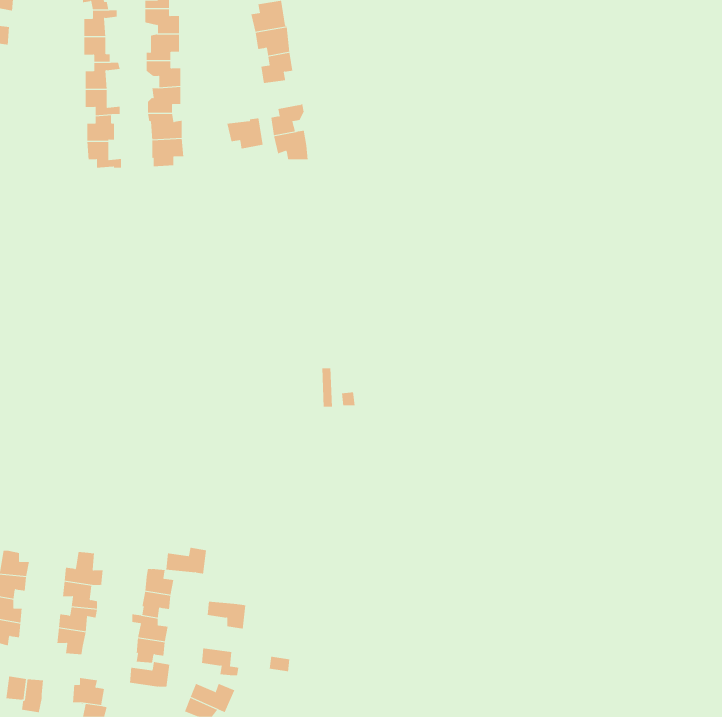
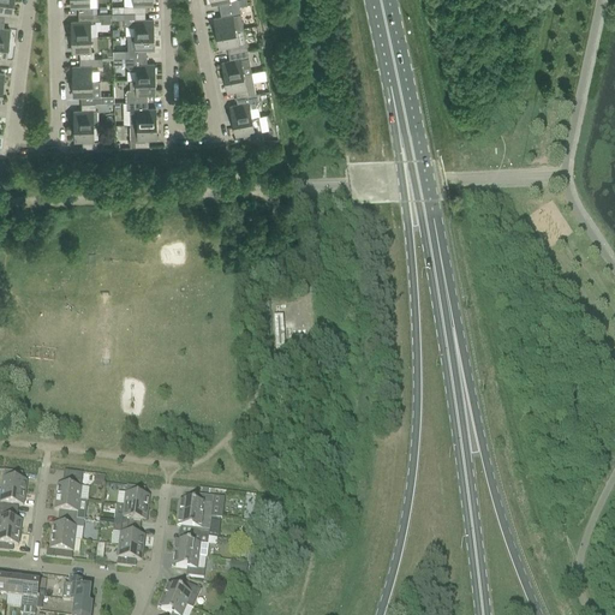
building: [227,118,263,149] -> [223,66,255,92]
building: [166,547,207,574] -> [177,491,211,514]
building: [129,662,170,687] -> [172,532,207,554]

